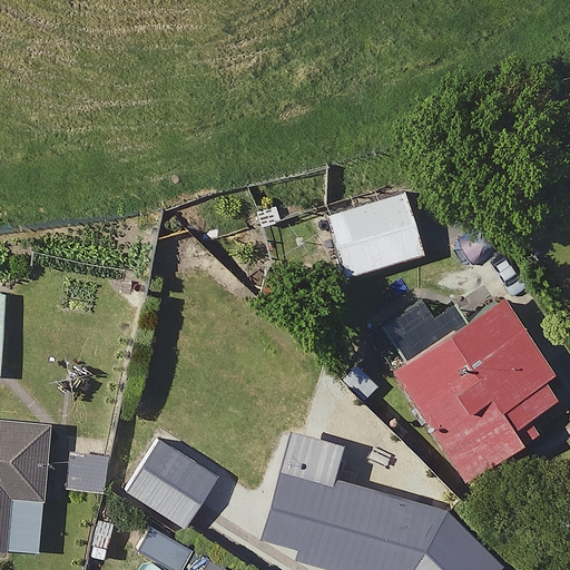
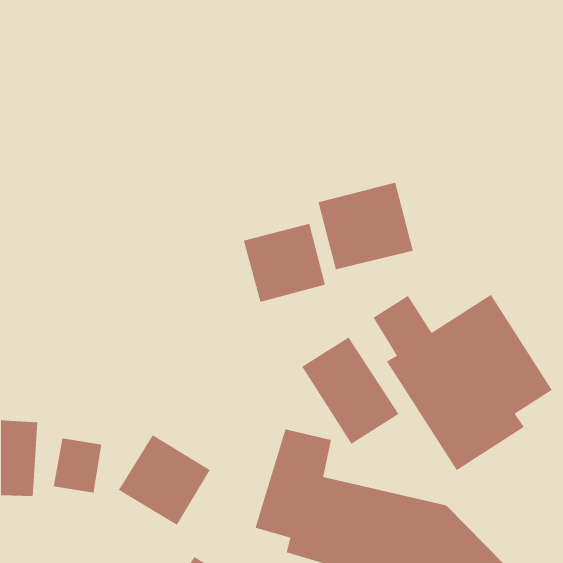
building: none -> [243,223,326,303]
building: none -> [301,336,400,445]

